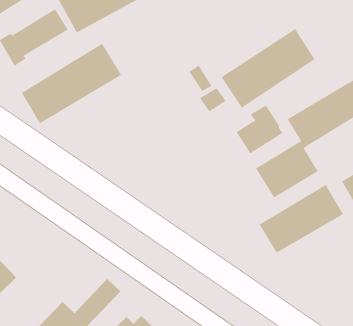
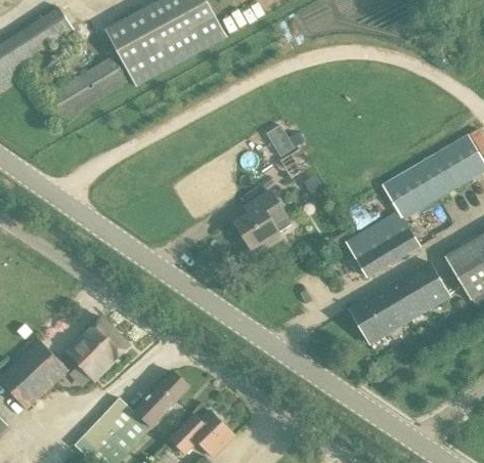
building: [221,28,315,108] -> none
building: [21,43,122,124] -> none
building: [236,105,283,154] -> [234,192,290,249]
building: none -> [65,317,129,380]

